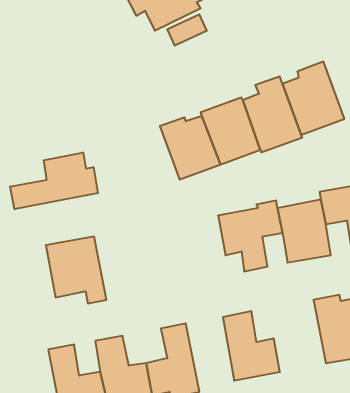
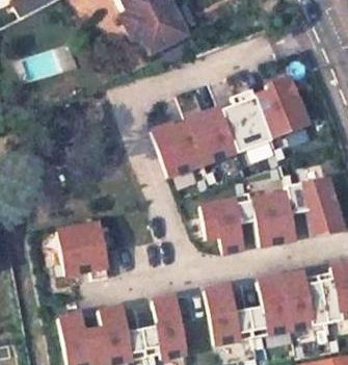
building: [10,152,98,209] -> none
building: none -> [248,278,292,338]

